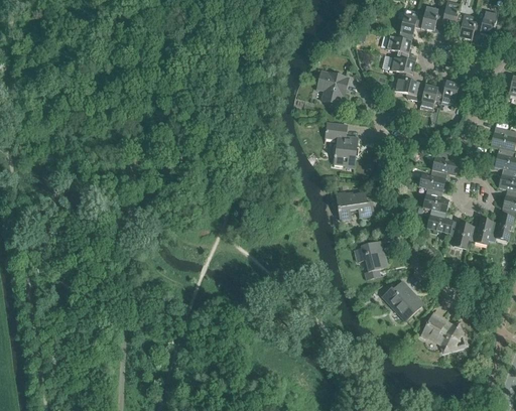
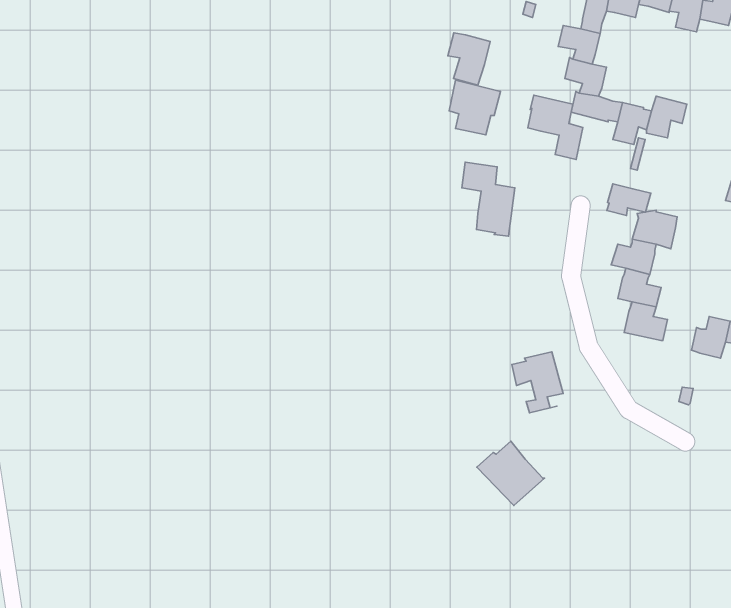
building: none -> [448,33,490,85]
building: none -> [528,95,583,159]
building: none -> [607,184,651,216]
building: [336,190,374,220] -> none
building: [449,220,472,248] -> none
building: [381,280,423,320] -> [477,441,544,506]
building: [421,313,467,354] -> none

